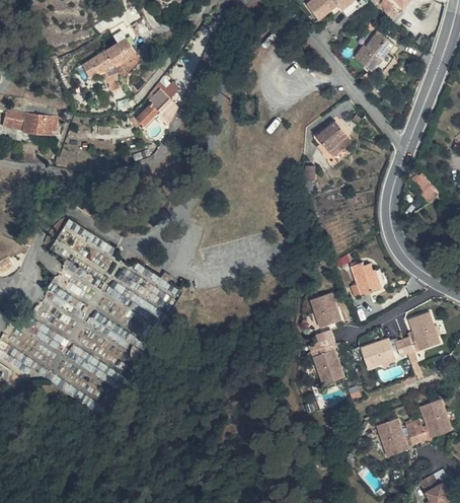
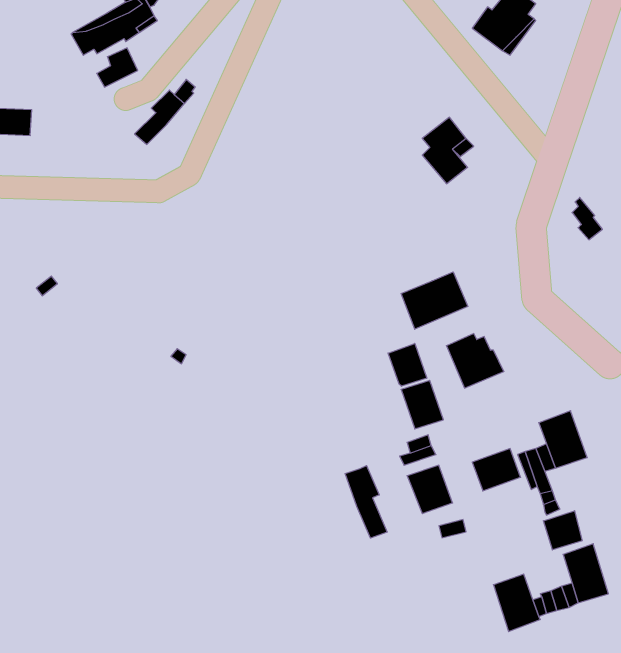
building: none -> [401,272,468,329]
building: none -> [388,343,427,386]
building: none -> [345,466,387,538]
building: none -> [543,511,582,550]

